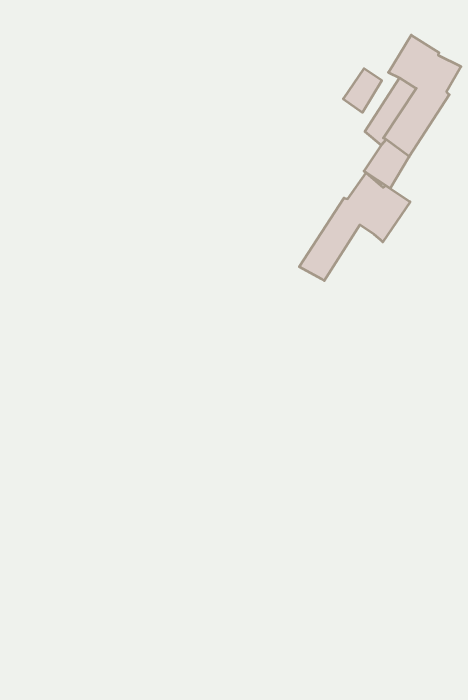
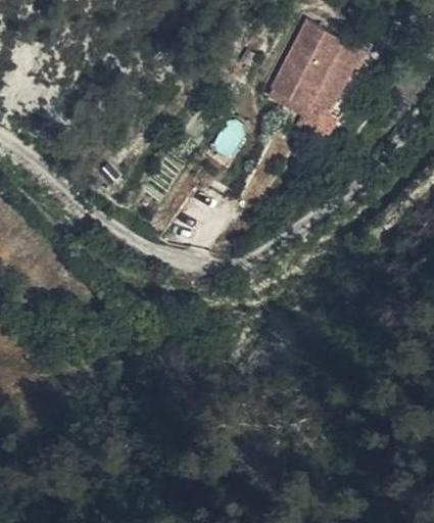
building: [299,173,410,281] -> none

